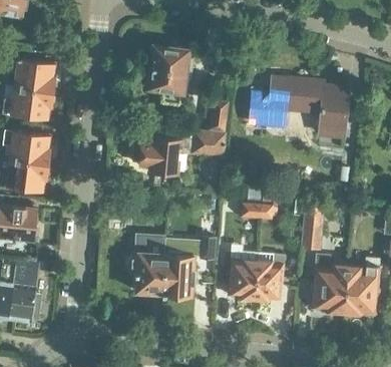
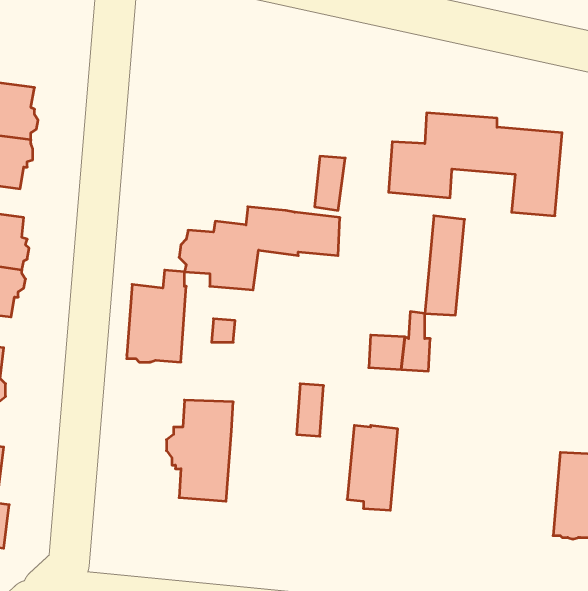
building: [147,47,192,93] -> none
building: [303,194,325,249] -> [425,216,465,315]
building: [161,247,194,298] -> [127,270,186,362]
building: [253,254,283,301] -> none
building: [312,256,347,313] -> none

